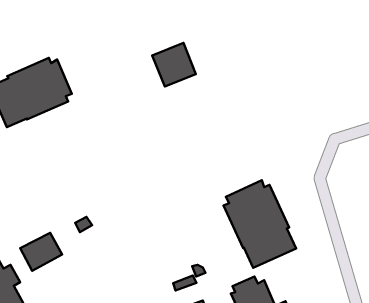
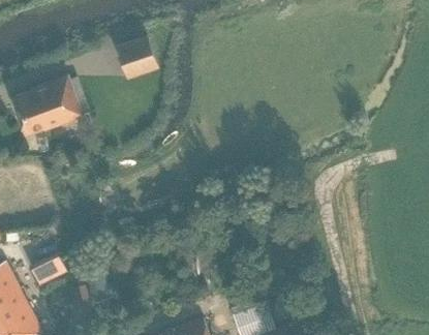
building: [152,43,196,86] -> [117,38,158,80]
building: [224,180,296,268] -> none

